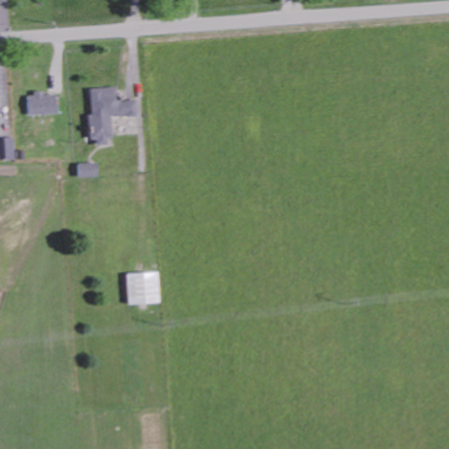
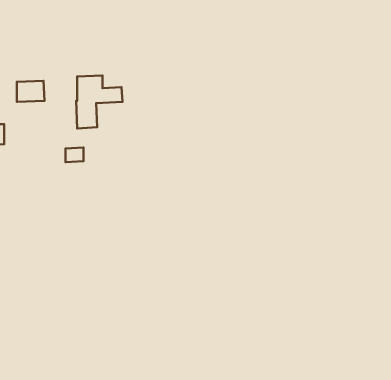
building: [126,272,158,304] -> none

